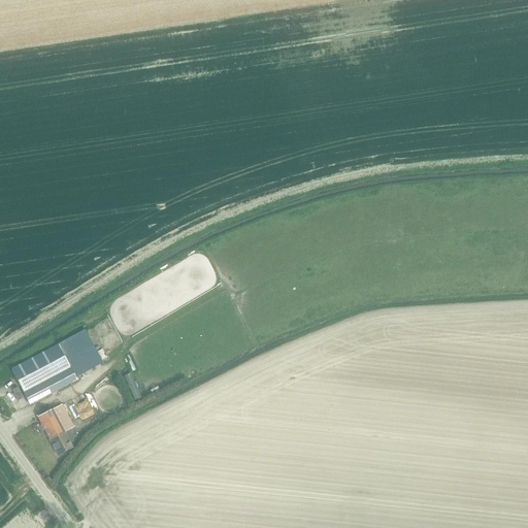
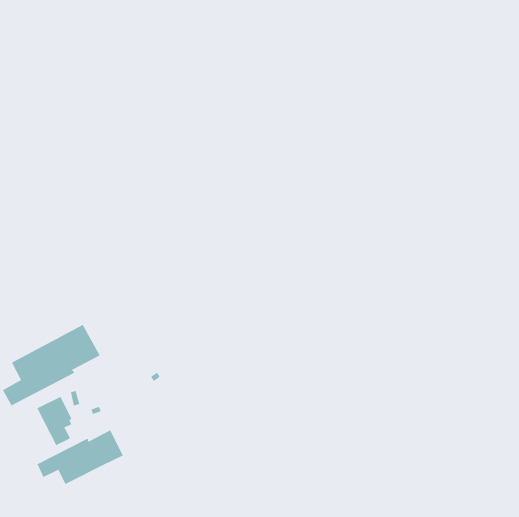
building: none -> [37,429,123,485]

